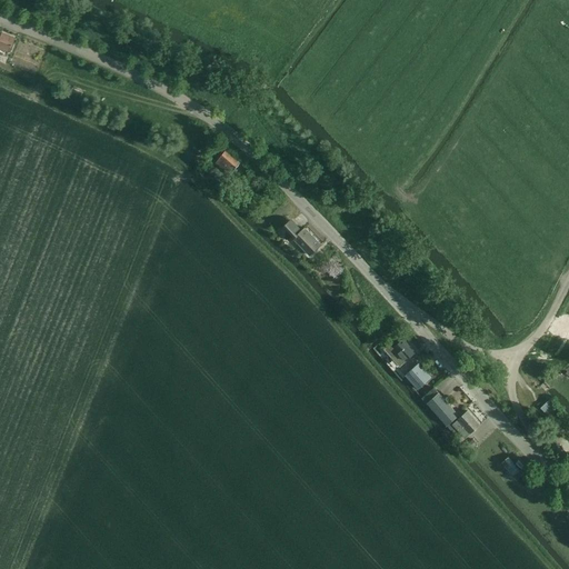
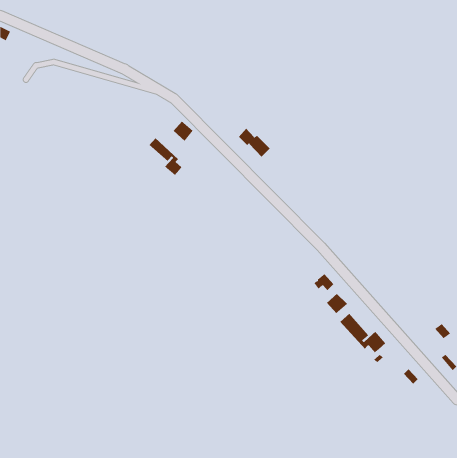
building: none -> [149,138,182,176]
building: [280,219,320,256] -> [238,128,270,157]

